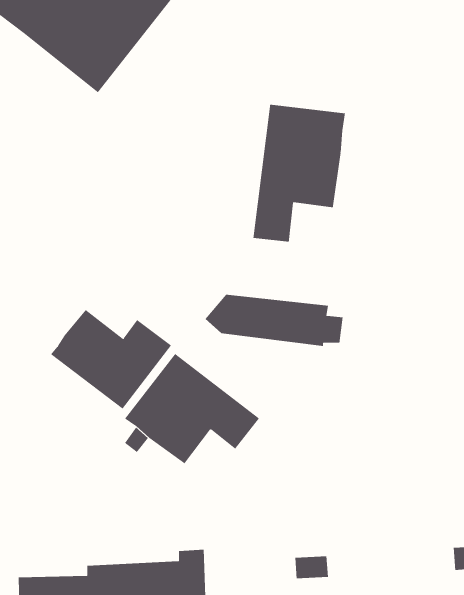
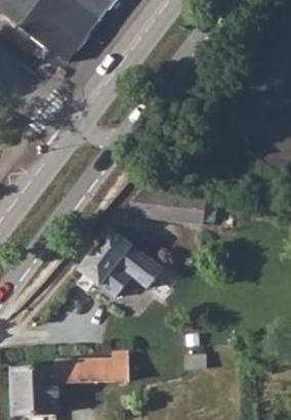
building: [253,104,346,242] -> none
building: [50,309,172,410] -> none

